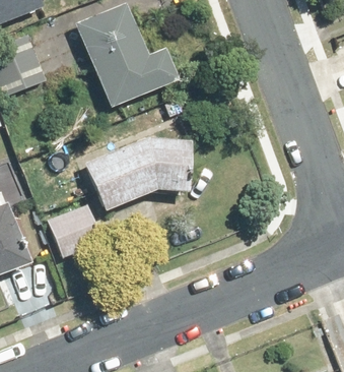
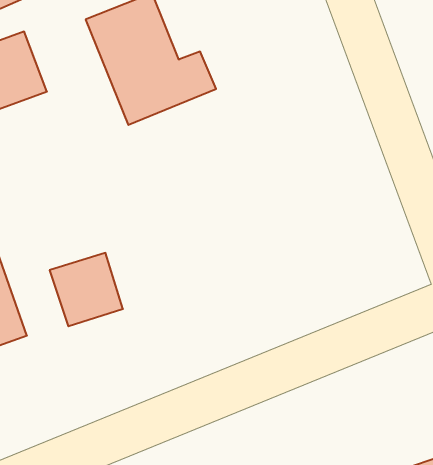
building: [83,138,191,210] -> none

